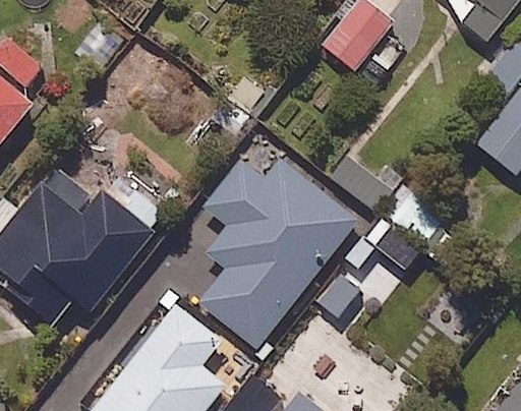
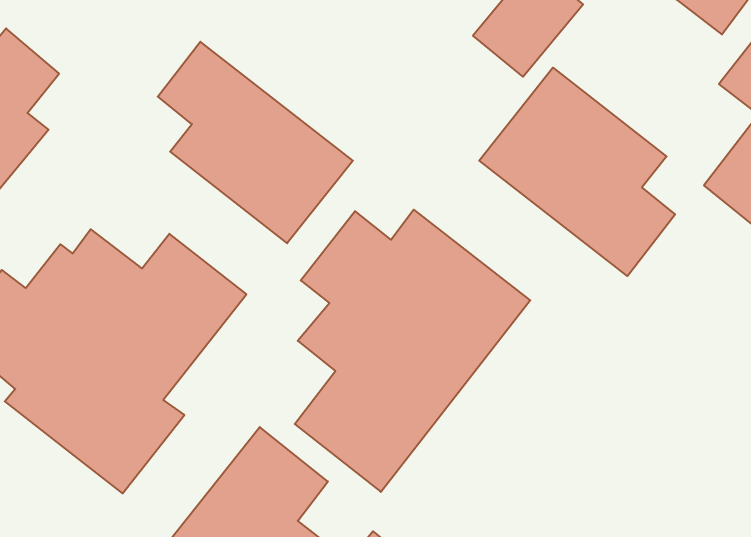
building: none -> [158,42,353,243]
building: none -> [479,68,675,276]

